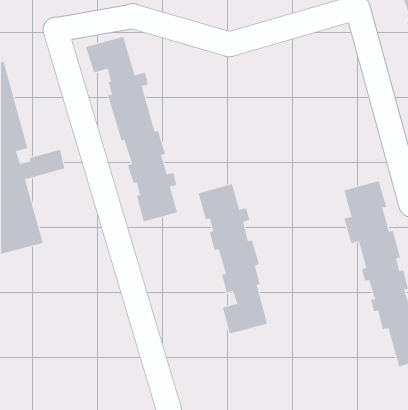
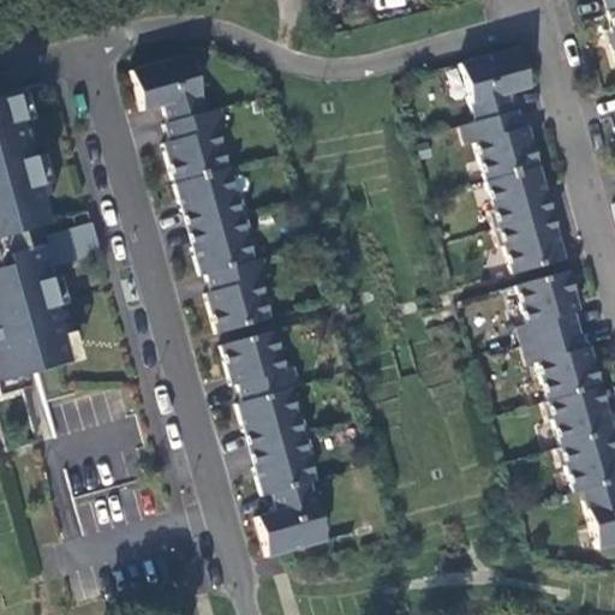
building: none -> [460,47,565,273]
building: [198,184,268,334] -> [222,330,327,555]

